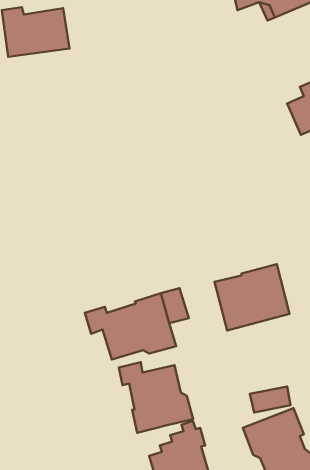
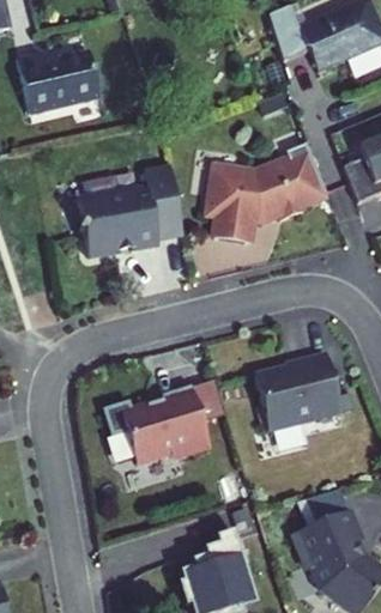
building: none -> [207,139,328,241]
building: none -> [81,165,186,253]
building: [119,362,193,433] -> none

